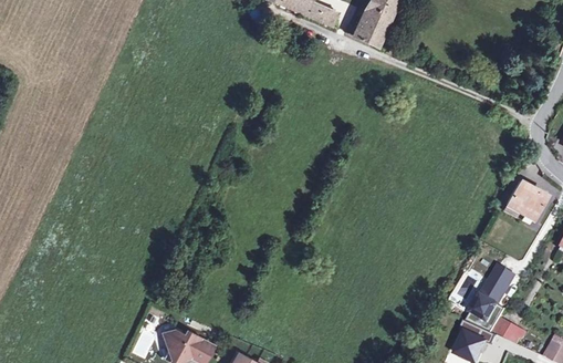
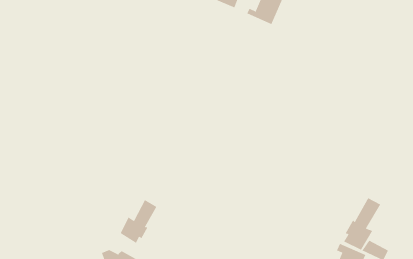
building: [501,178,543,217] -> none
building: none -> [120,199,157,244]

